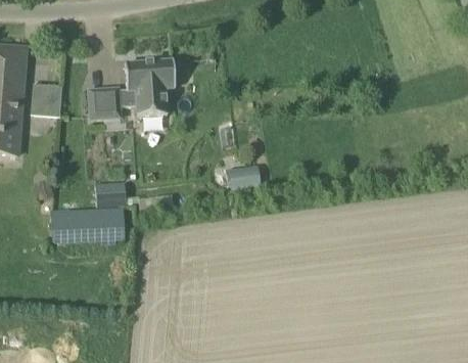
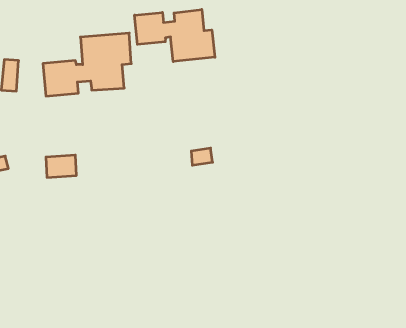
building: none -> [135,9,215,62]
building: [52,208,124,240] -> none

